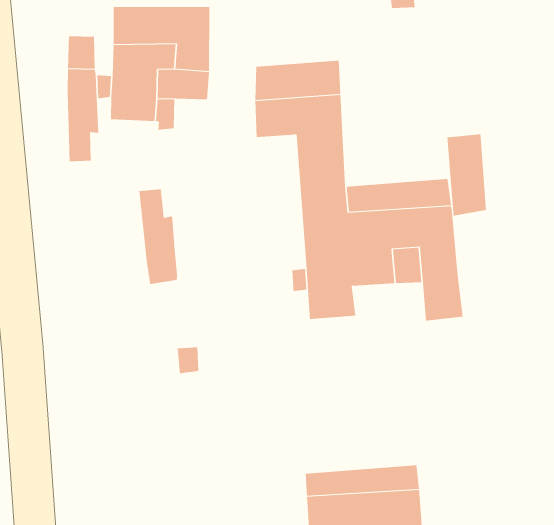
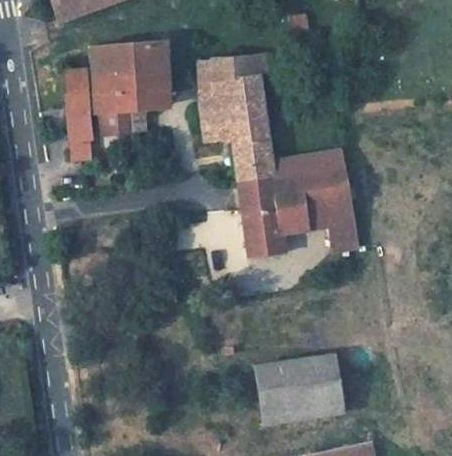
building: none -> [198,55,264,81]
building: [447,133,487,216] -> none
building: [139,189,177,285] -> none

